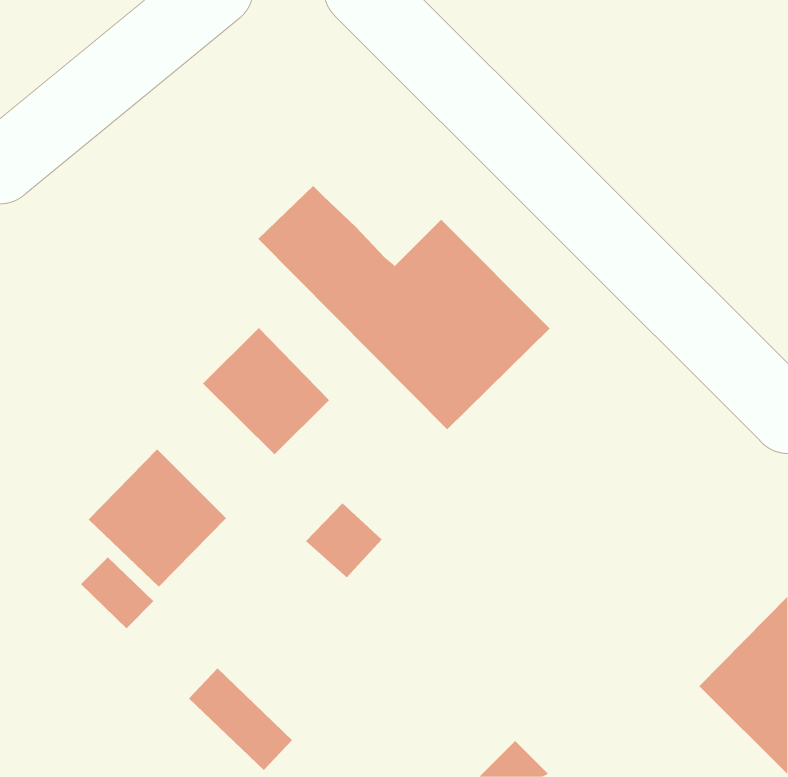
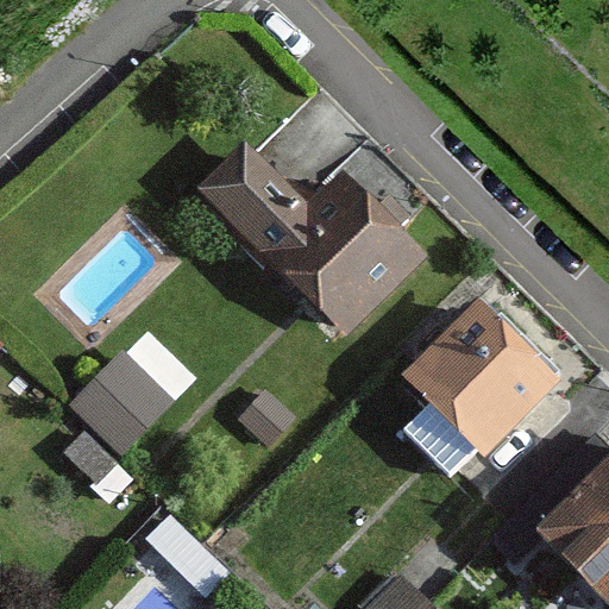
building: [202,327,330,455] -> none
building: none -> [401,299,557,454]

